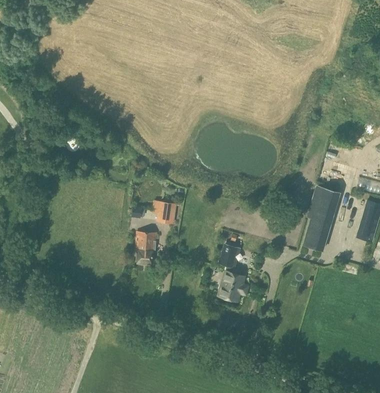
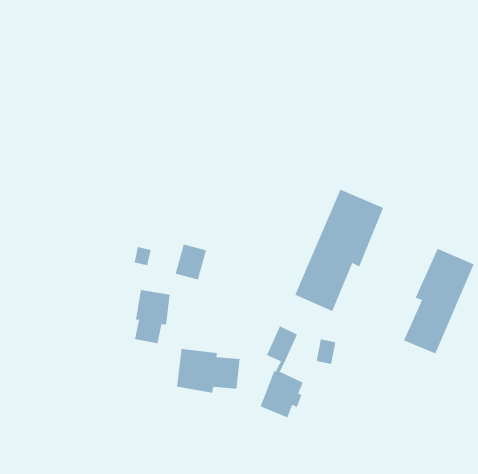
building: none -> [294,189,384,312]
building: none -> [176,348,240,394]

